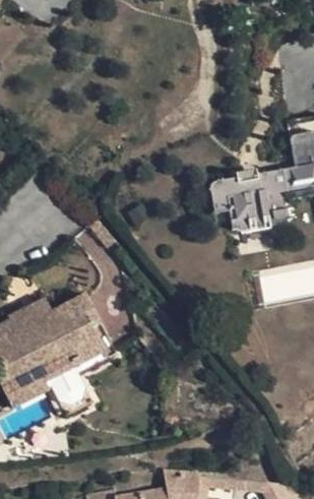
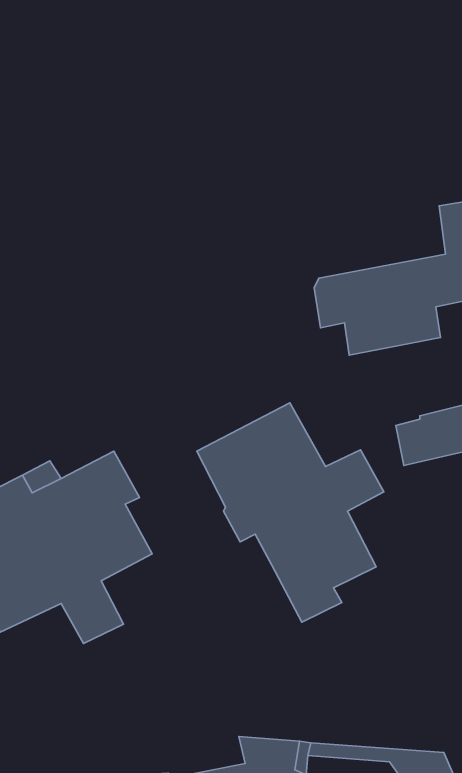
building: none -> [197,403,384,622]

